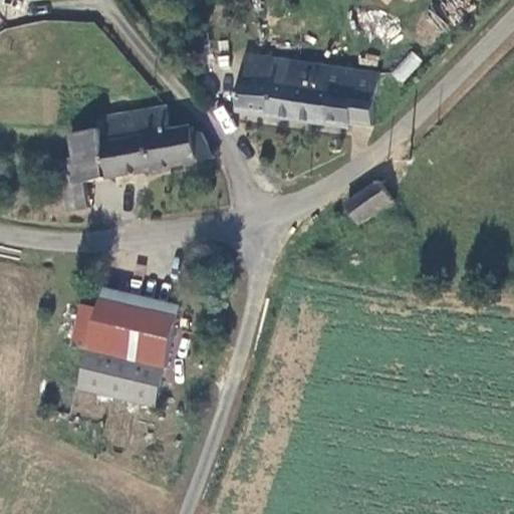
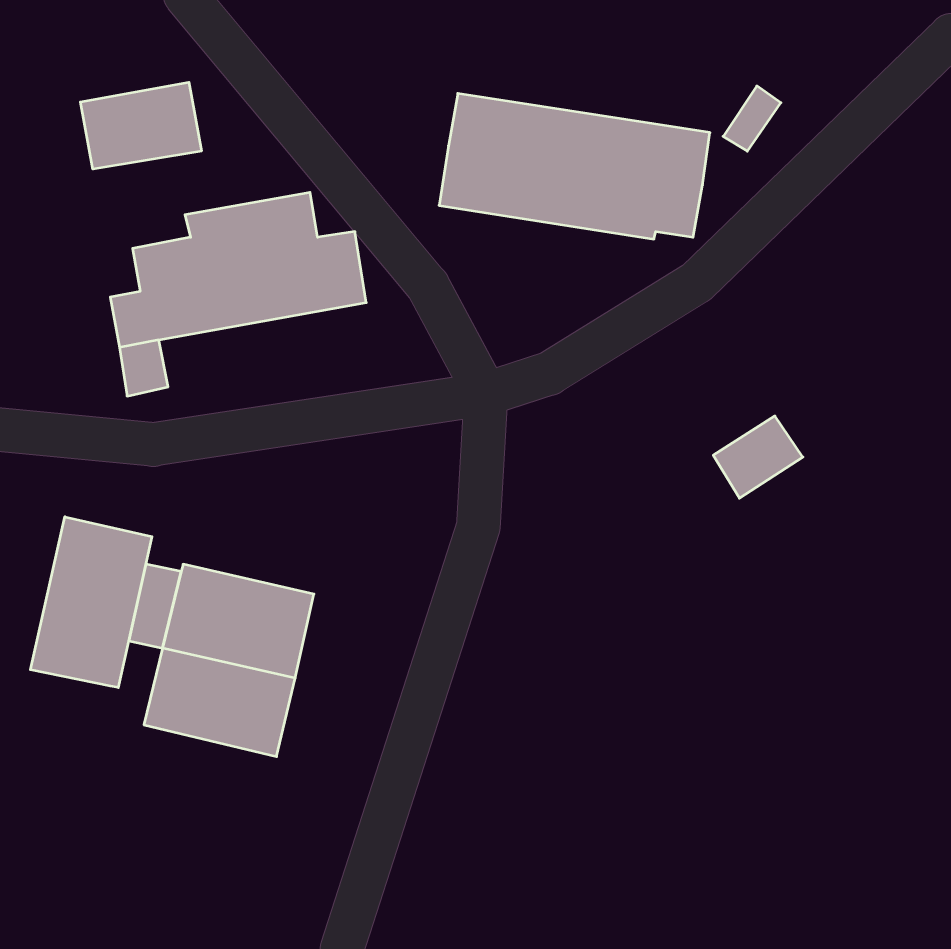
building: none -> [80,82,201,169]
building: [345,179,394,223] -> [713,416,803,498]
building: none -> [30,517,152,688]

